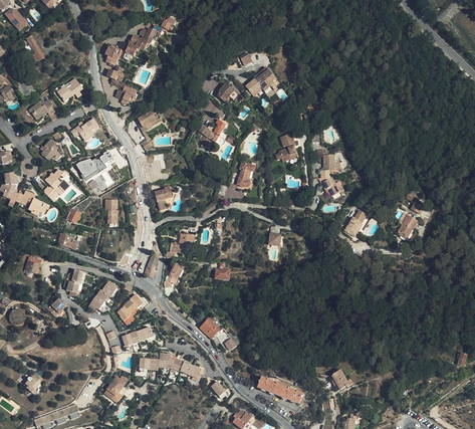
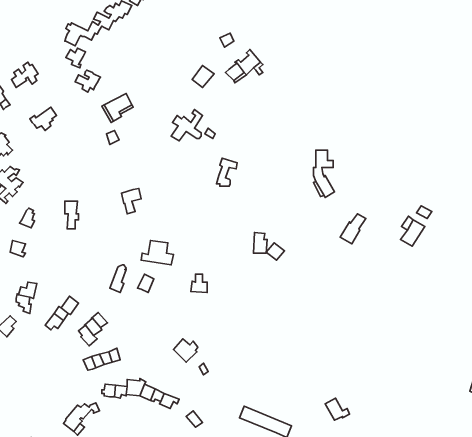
building: [274,133,298,163] -> none
building: [77,151,113,179] -> none

